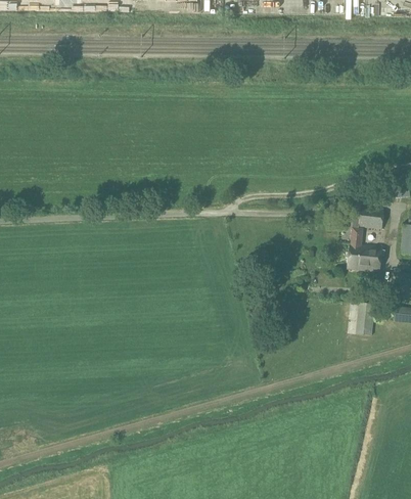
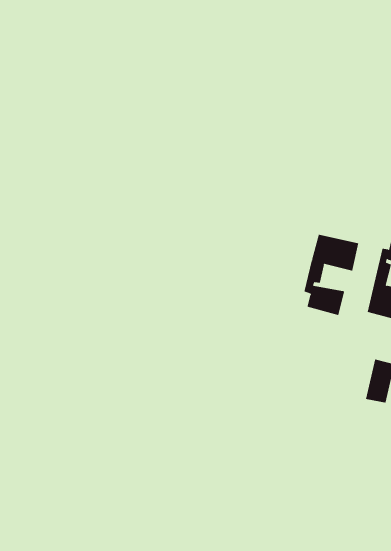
building: none -> [304,234,359,316]

